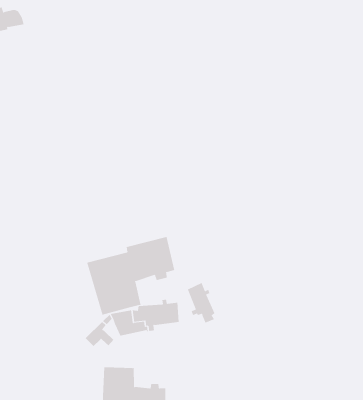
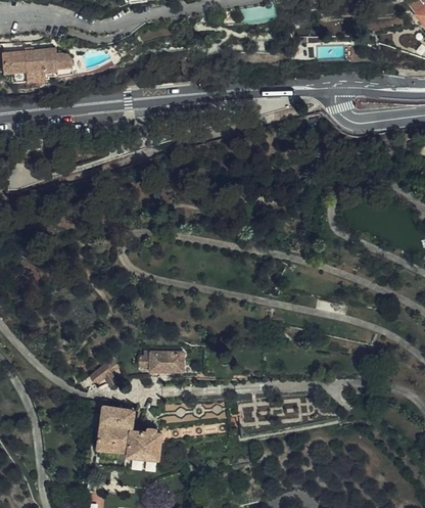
building: [86,236,175,316] -> none
building: [187,282,215,324] -> none

